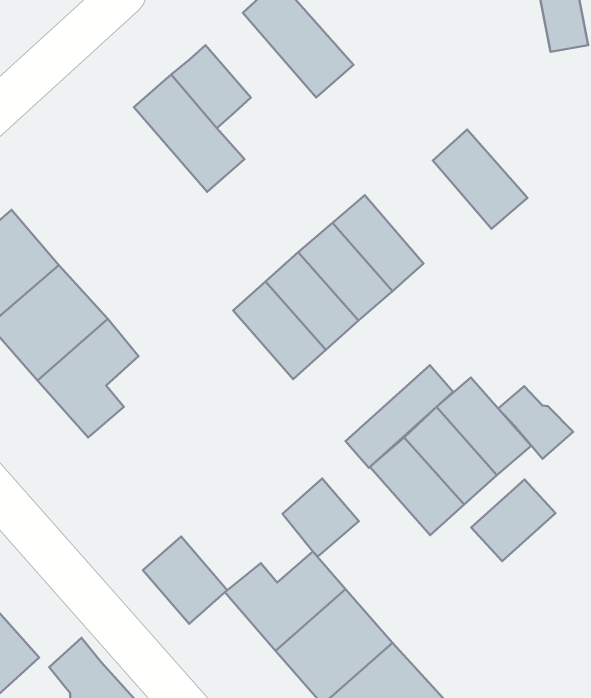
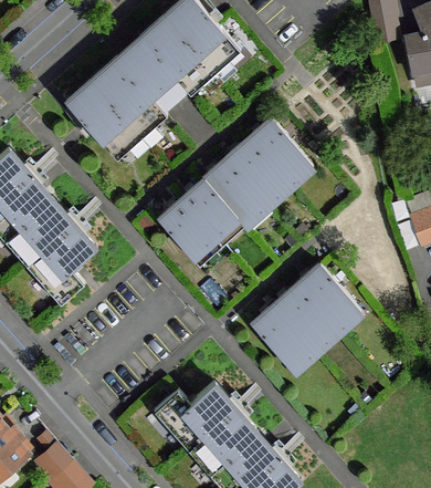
building: none -> [140,14,216,94]
building: none -> [66,79,141,158]
building: [433,129,527,229] -> [249,117,313,185]
building: [346,365,453,468] -> none
building: [498,386,573,459] -> none
building: [282,478,359,556] -> none
building: [471,480,555,561] -> none
building: [143,537,227,624] -> none

